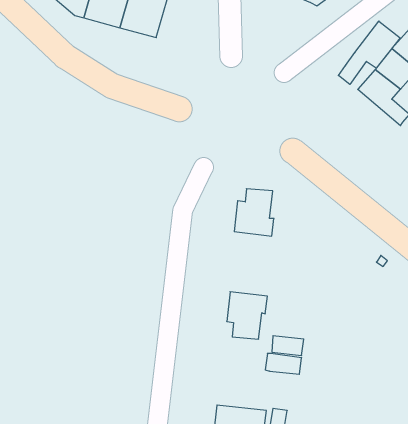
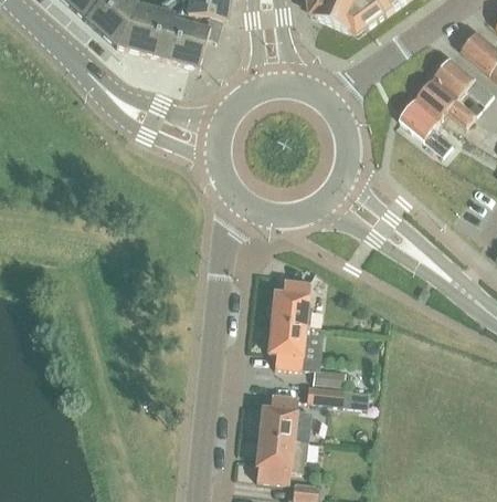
building: [338,21,400,84] -> none
building: [234,189,274,236] -> [271,279,310,326]
building: none -> [257,394,310,441]

